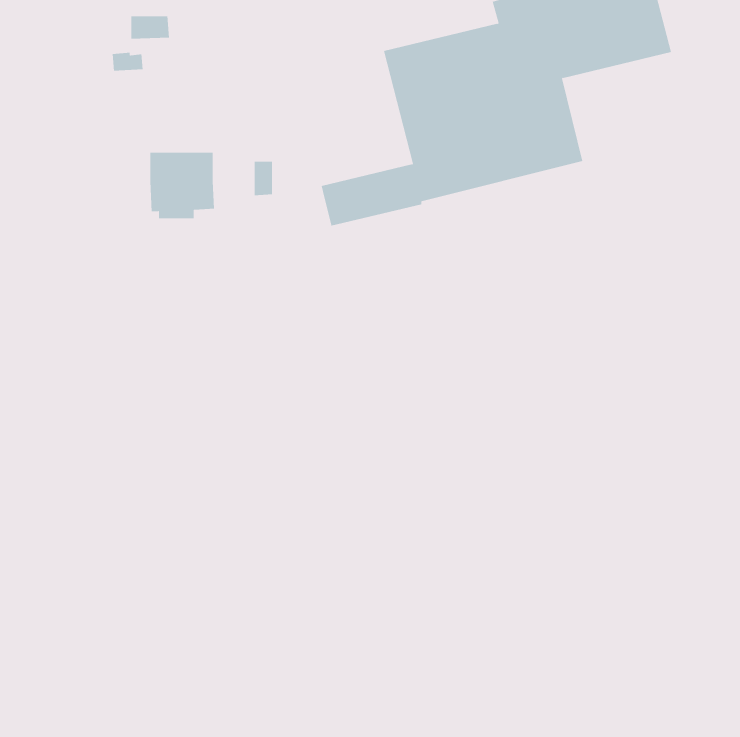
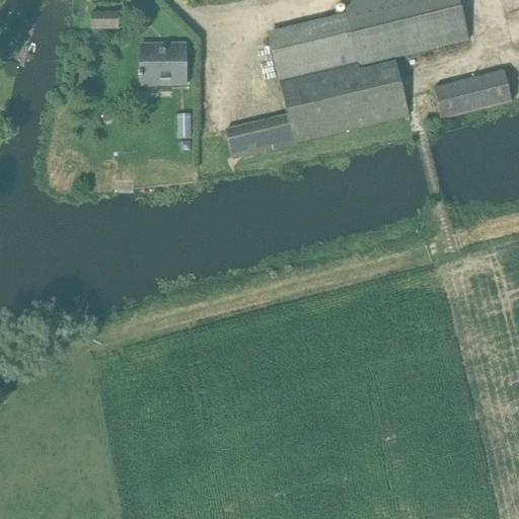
building: none -> [433,69,512,119]
building: [150,152,215,219] -> [141,44,187,90]

